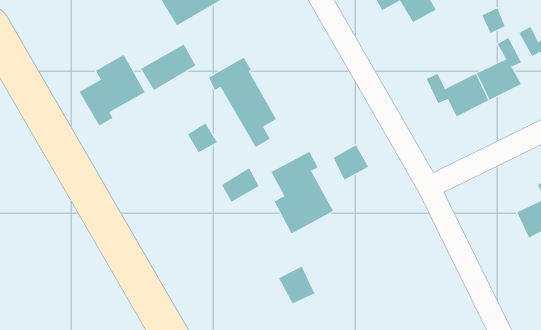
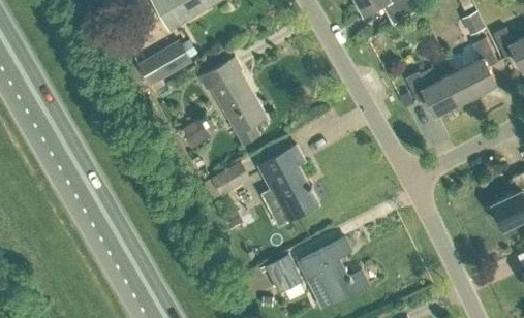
building: [79,54,145,127] -> none
building: [333,144,369,181] -> none
building: none -> [297,237,367,308]

